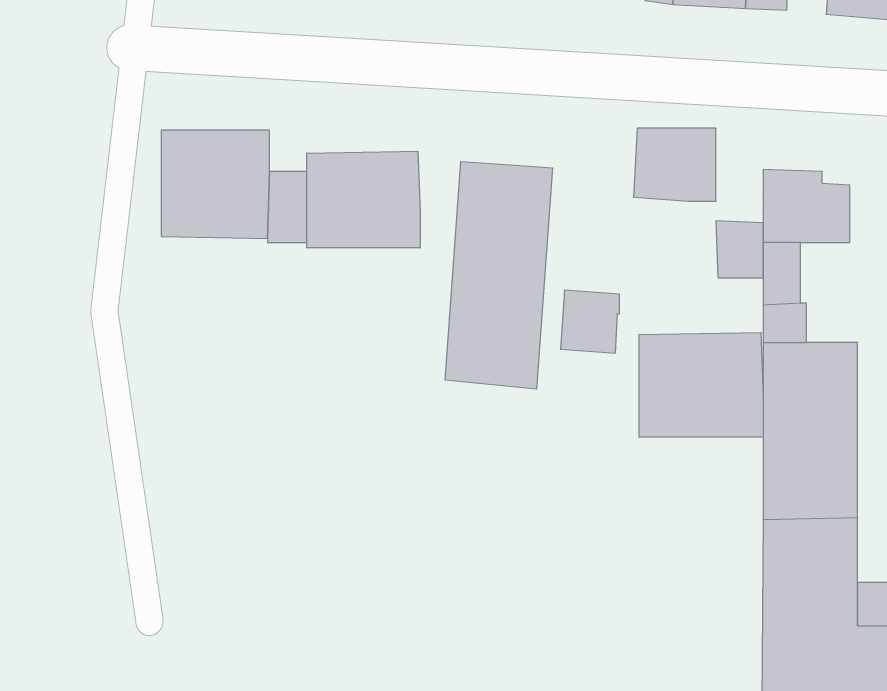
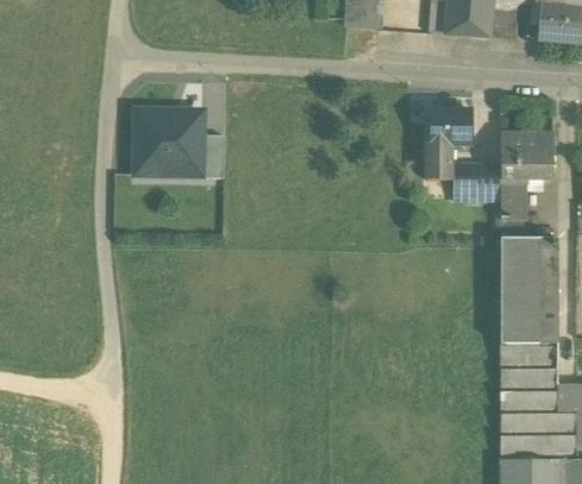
building: [307,151,420,248] -> none
building: [445,161,552,389] -> none
building: [560,290,619,353] -> [420,151,456,189]
building: [639,332,763,437] -> none

